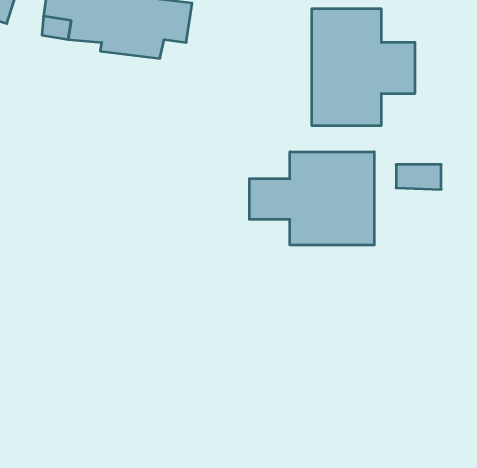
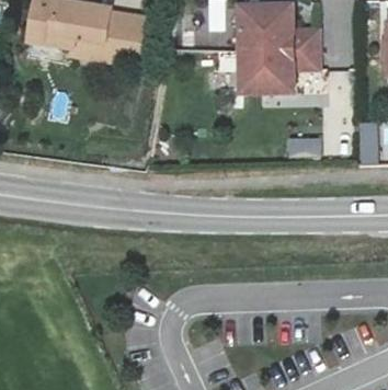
building: [249,152,374,245] -> none

